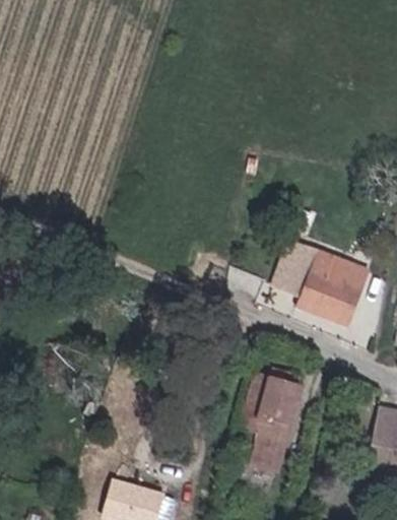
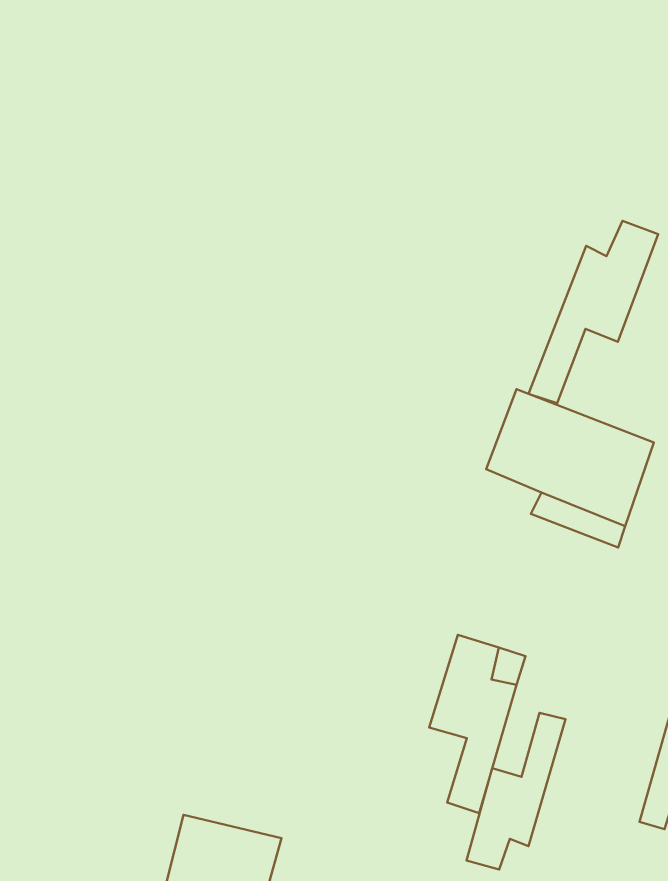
building: none -> [529,221,658,403]
building: none -> [467,713,566,869]

